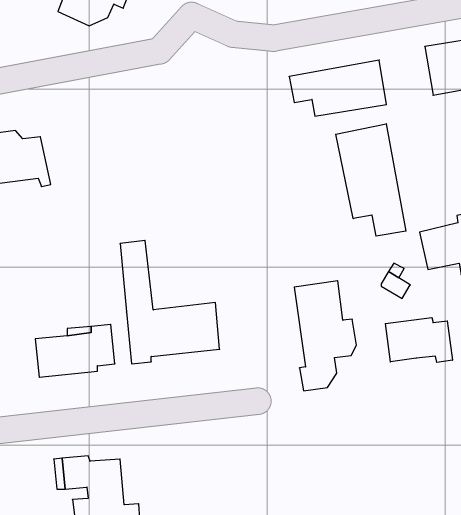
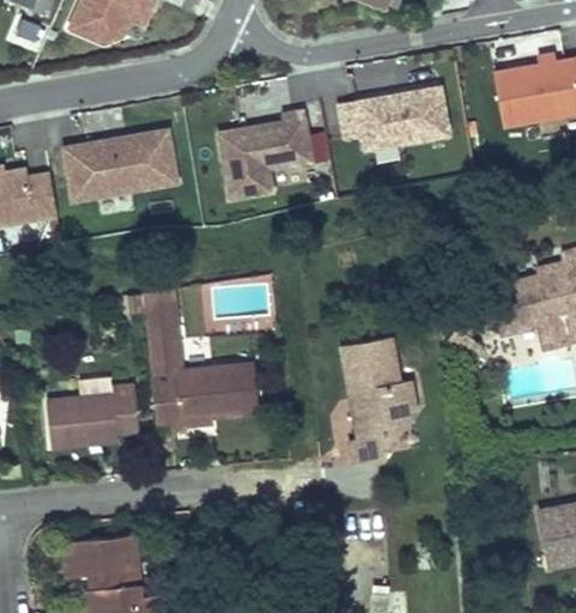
building: none -> [217,109,317,200]
building: none -> [60,125,182,199]
building: [336,124,406,236] -> none
building: [385,318,452,362] -> none

